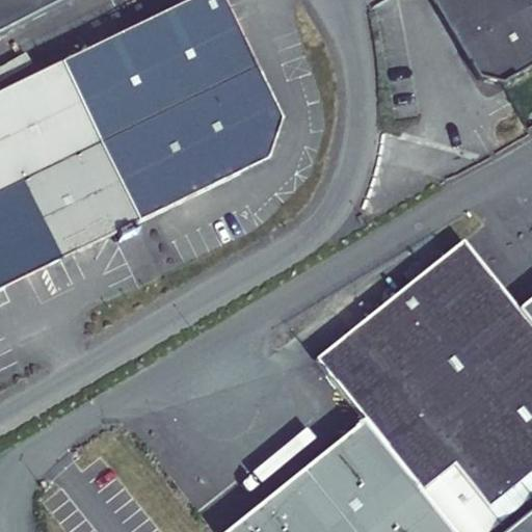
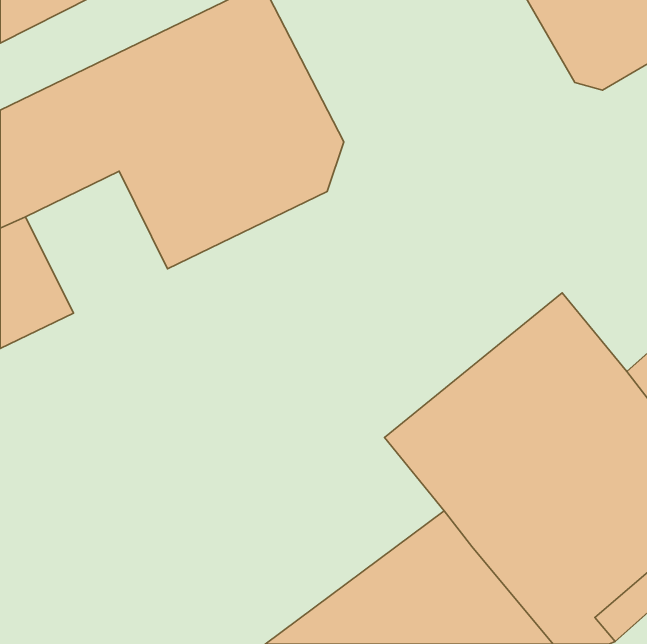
building: [22,140,138,257] -> none

